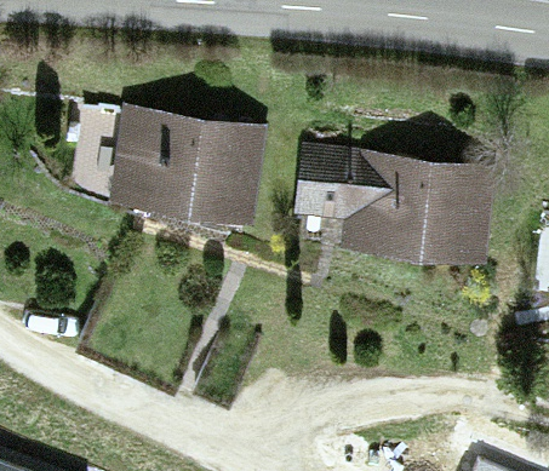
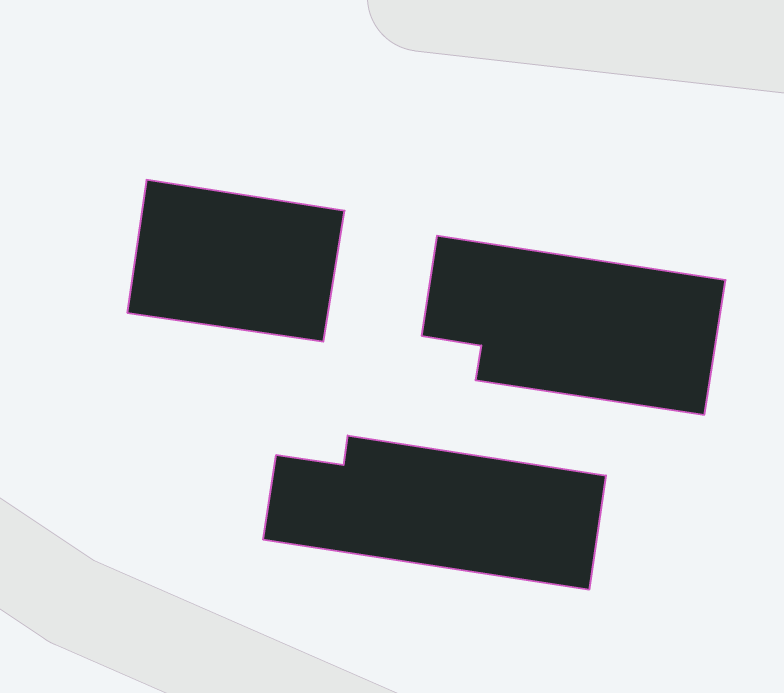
building: none -> [263,435,606,590]

